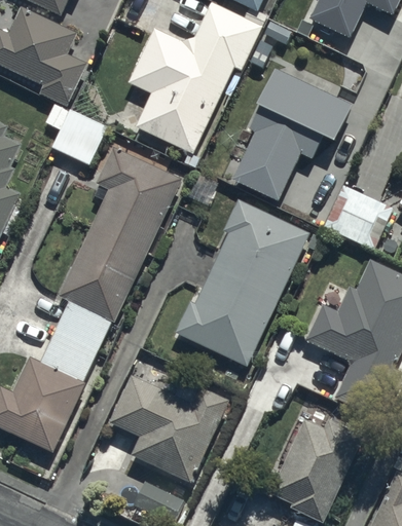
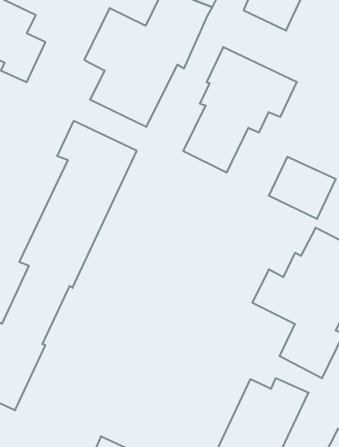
building: [51,108,106,163] -> none
building: [174,200,308,366] -> none
building: [108,374,230,484] -> none

